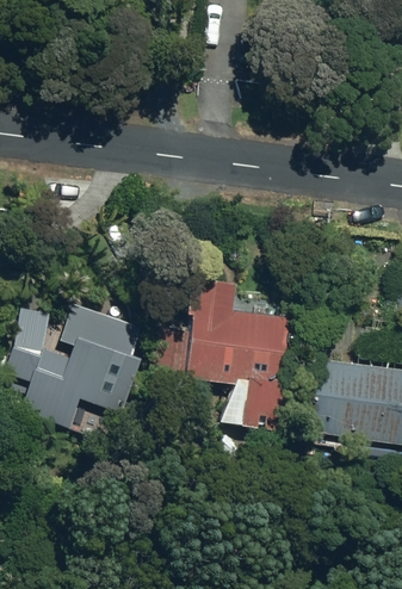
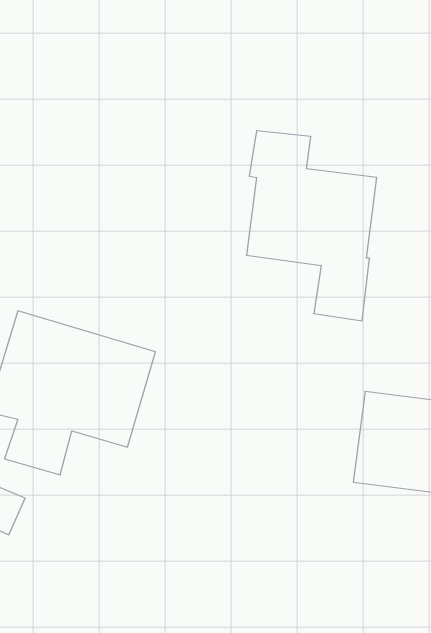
building: [186,277,292,432] -> [246,131,377,321]

